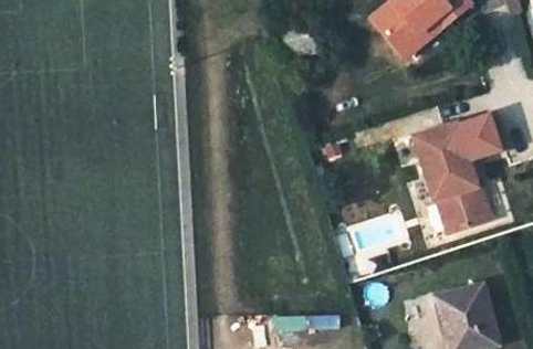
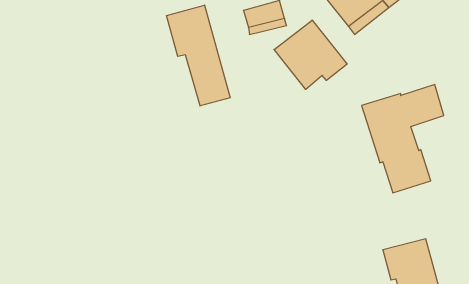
building: none -> [166,5,230,106]
building: none -> [274,20,347,89]

